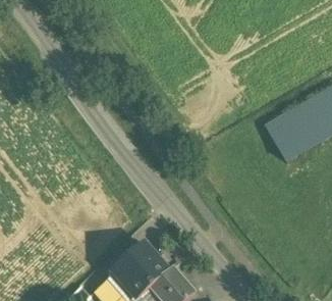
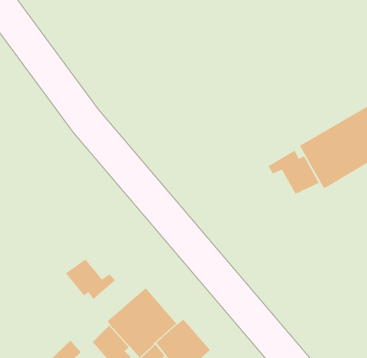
building: none -> [267,149,320,195]
building: none -> [65,258,116,300]

